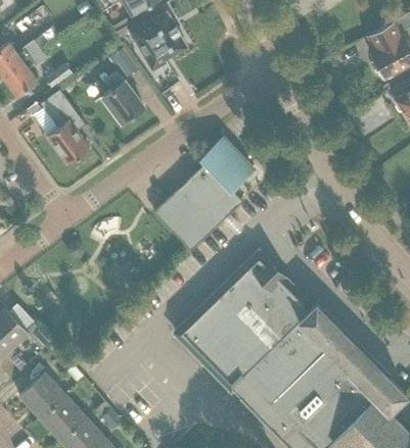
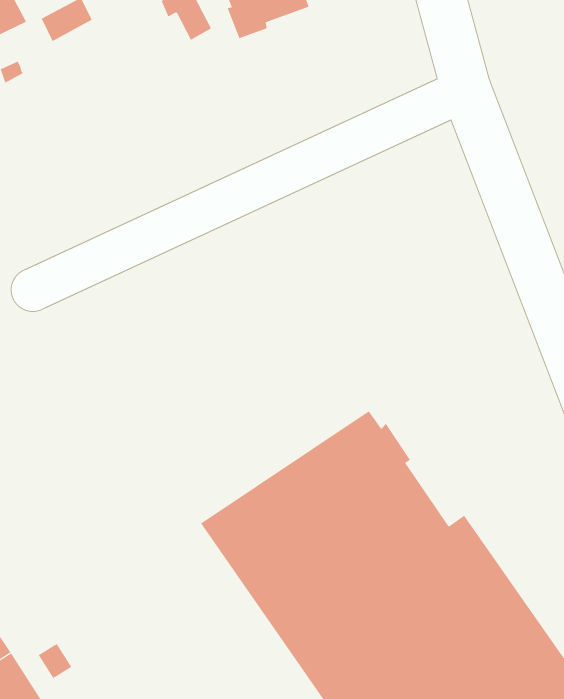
building: [101,71,143,123] -> none
building: [40,89,89,163] -> none
building: [153,138,253,250] -> none

